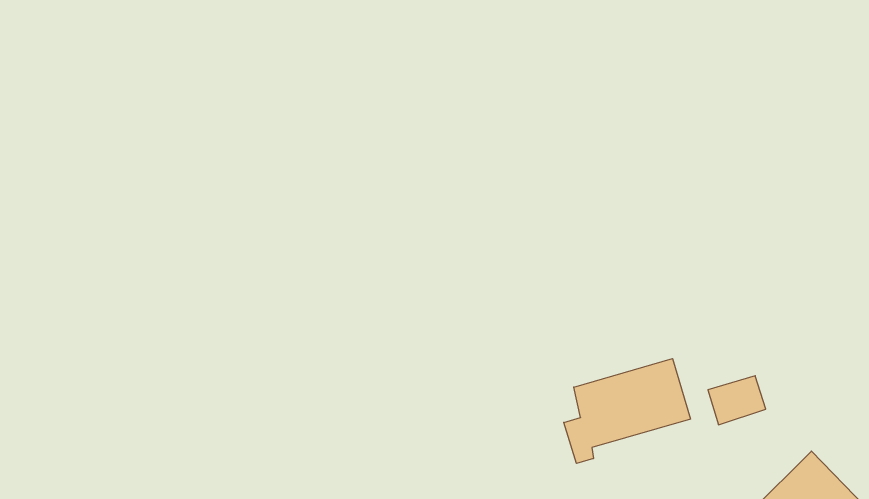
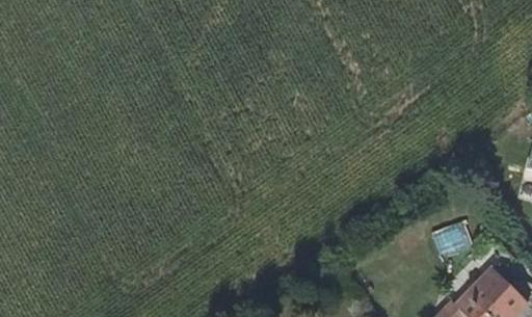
building: [564,359,691,463] -> none

